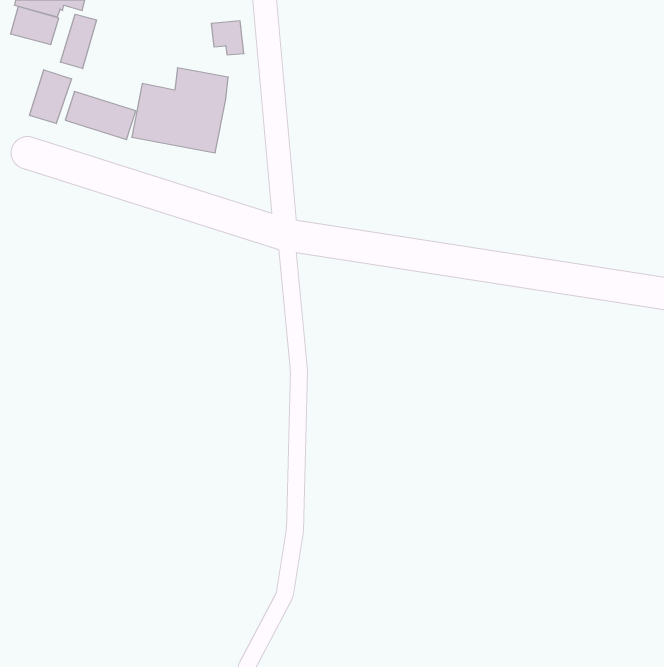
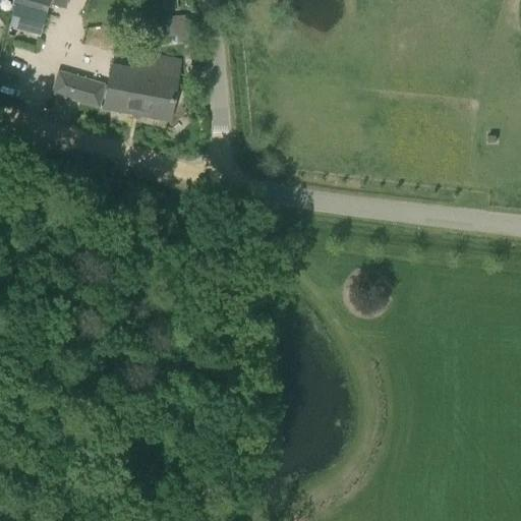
building: [60,14,96,69] -> none
building: [29,70,72,124] -> none

